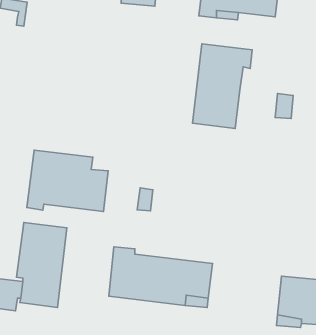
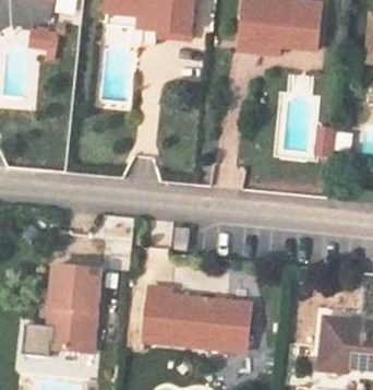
building: [193,44,252,128] -> none
building: [27,150,108,211] -> none

